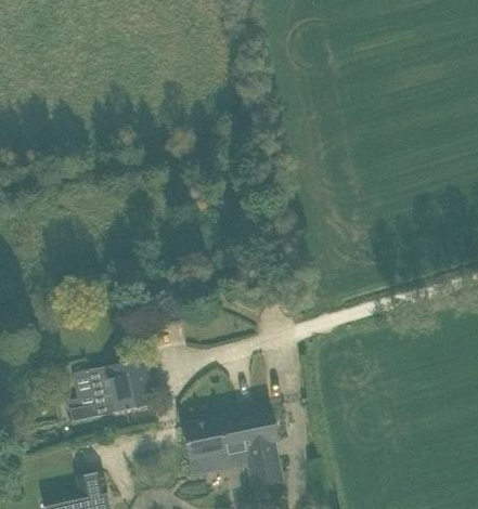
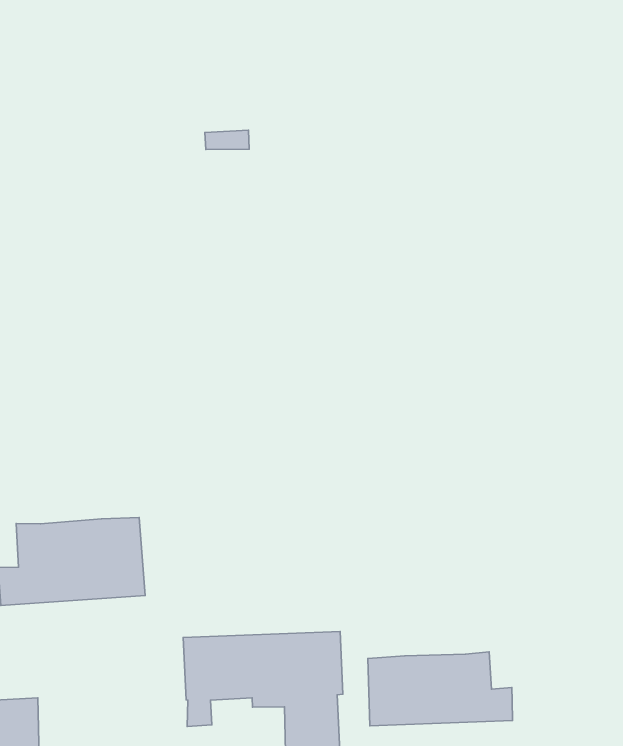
building: none -> [368,652,513,726]

